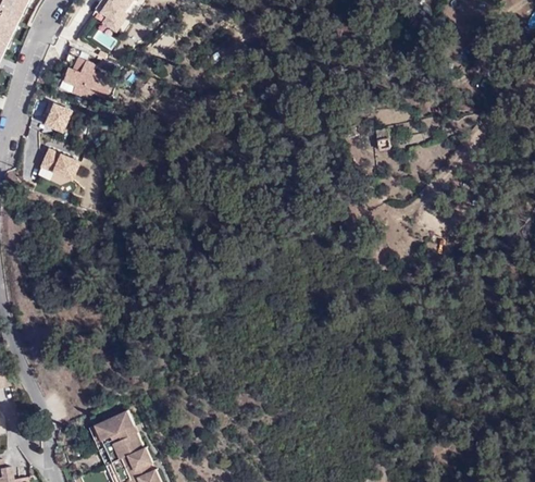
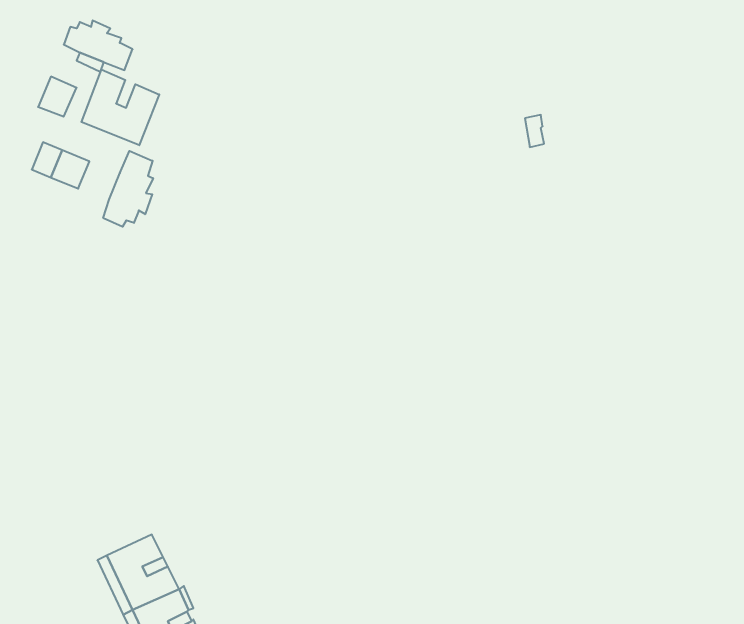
building: none -> [81,70,159,145]
building: none -> [103,151,153,227]

